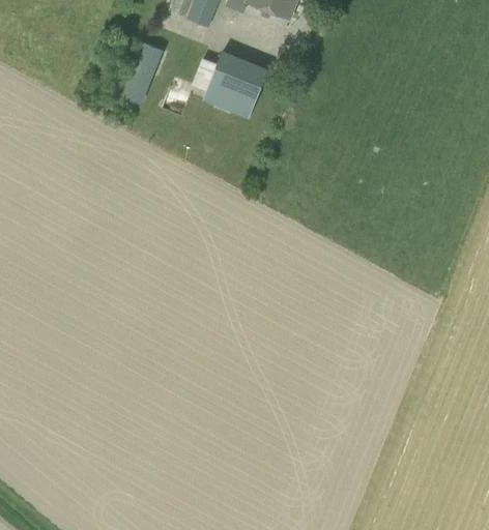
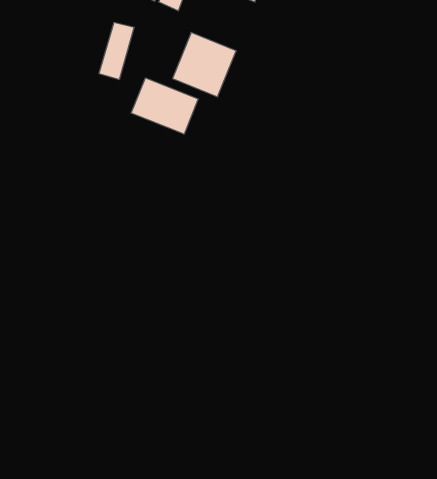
building: none -> [131,78,198,134]

